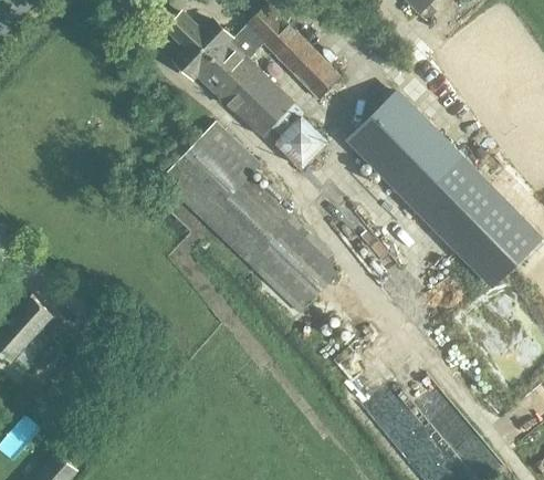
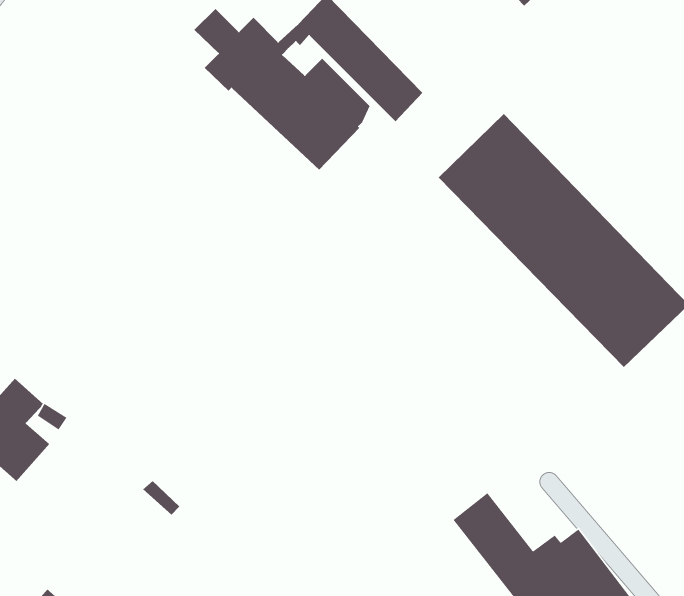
building: [273,115,326,168] -> none
building: [158,132,335,312] -> none

